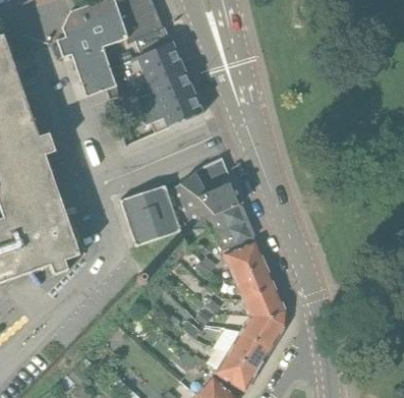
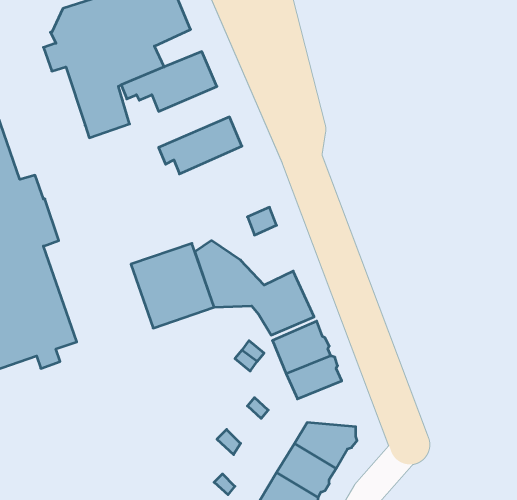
building: [136,26,171,54] -> none
building: [129,68,191,113] -> none
building: [178,171,240,214] -> none
building: [241,284,286,318] -> none

